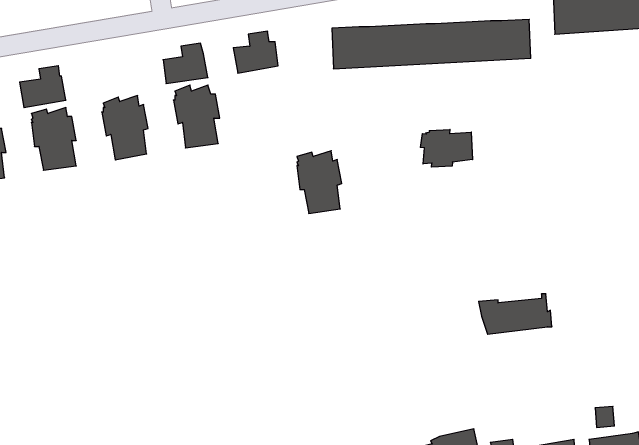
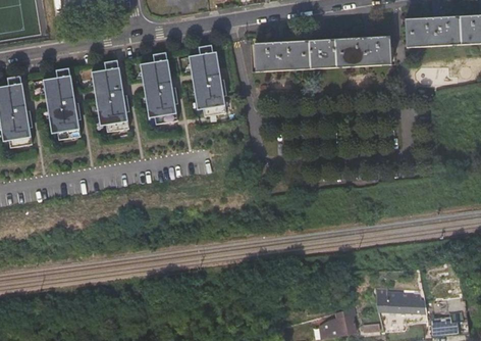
building: none -> [90,60,120,89]
building: [420,129,473,167] -> none
building: [297,151,342,213] -> [195,74,225,116]
building: [479,294,552,334] -> [371,289,421,316]

